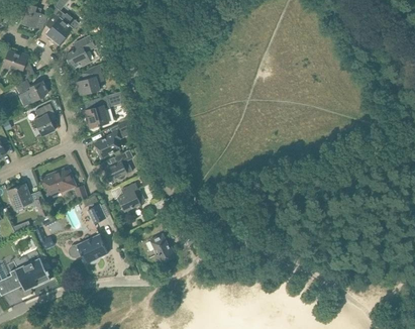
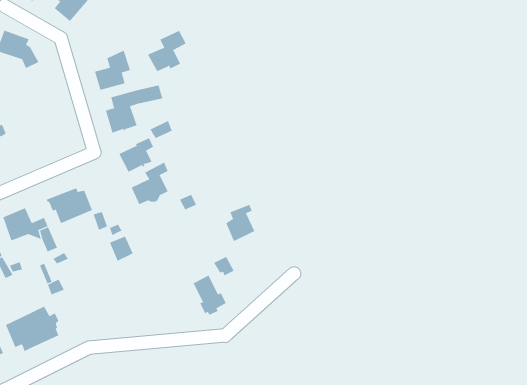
building: [65,36,94,68] -> [147,30,186,72]
building: [14,80,47,103] -> none
building: [33,104,55,136] -> none
building: [117,184,139,212] -> [225,204,255,242]
building: [68,235,107,263] -> none

